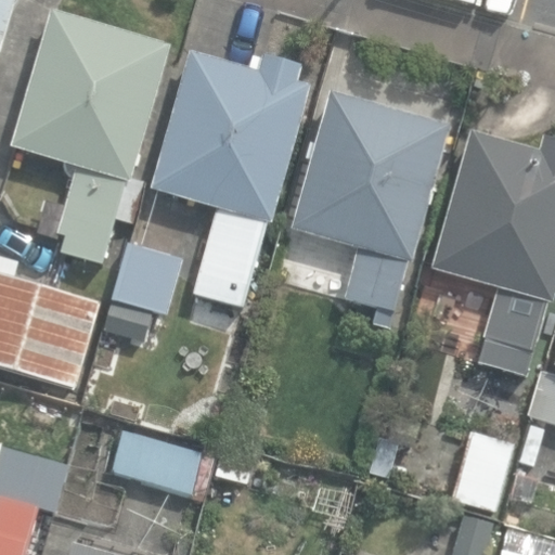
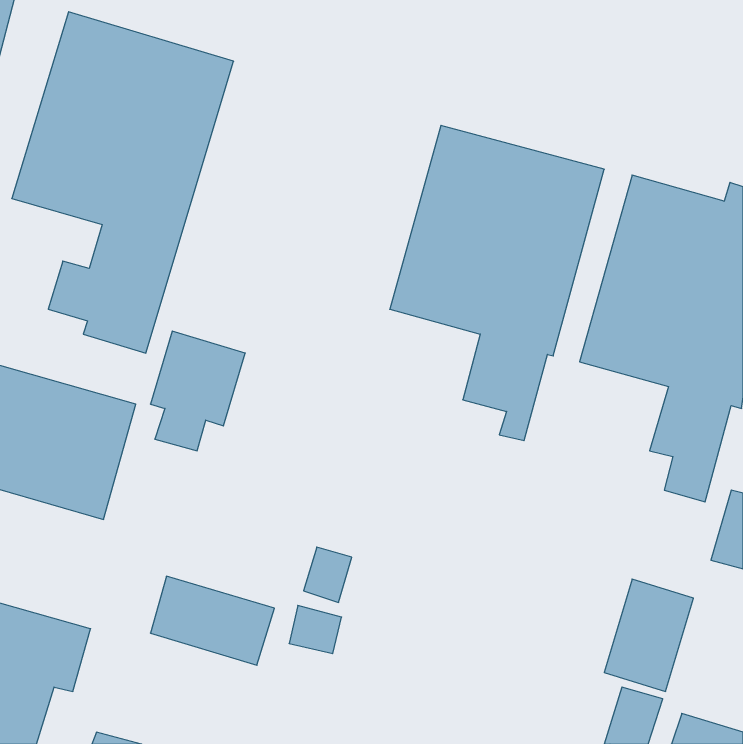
building: [152,51,311,307] -> none

